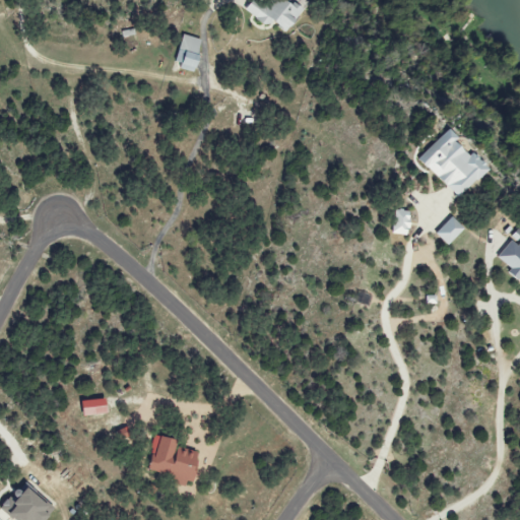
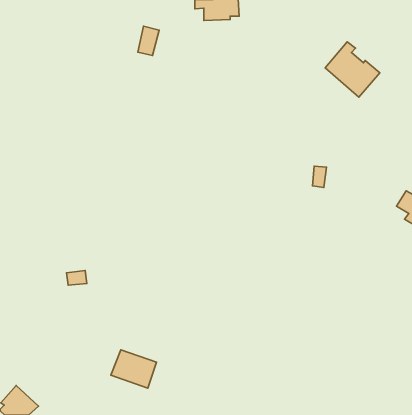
building: [420,127,489,196] -> [325,42,380,97]
building: [437,214,466,244] -> none
building: [81,396,107,414] -> [67,270,87,285]

